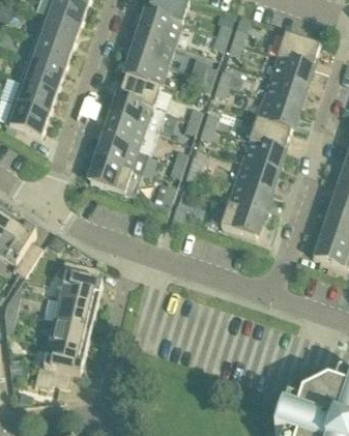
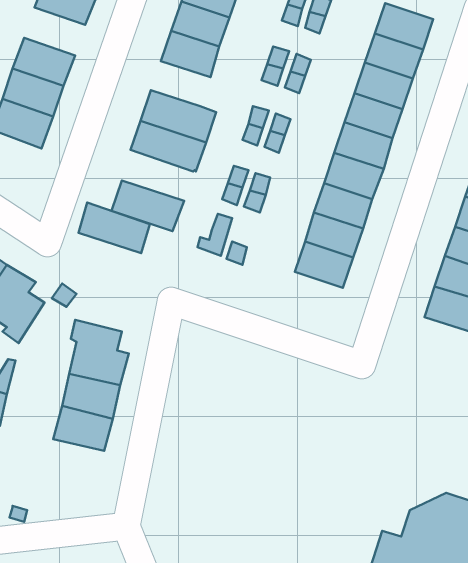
building: [28,36,71,70] -> none
building: [118,75,161,107] -> none
building: [97,138,148,174] -> [79,202,150,253]
building: [34,344,85,387] -> none

